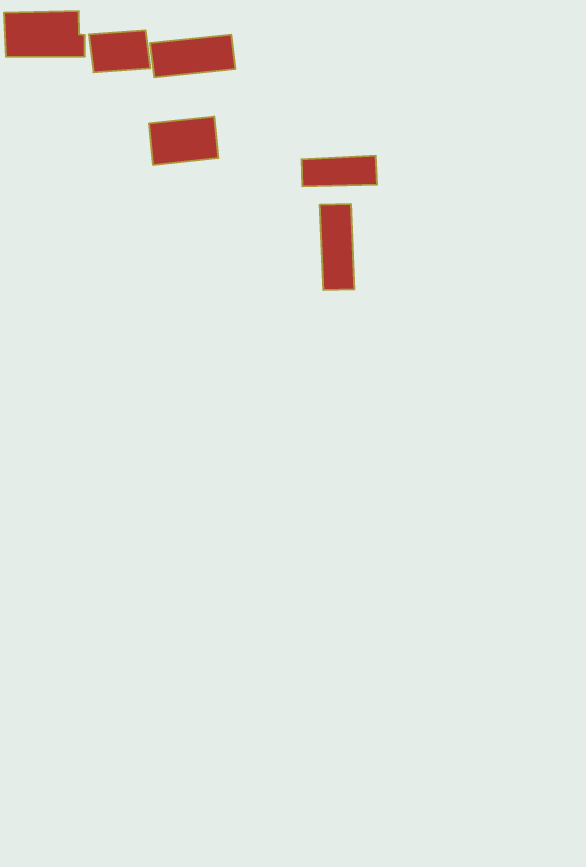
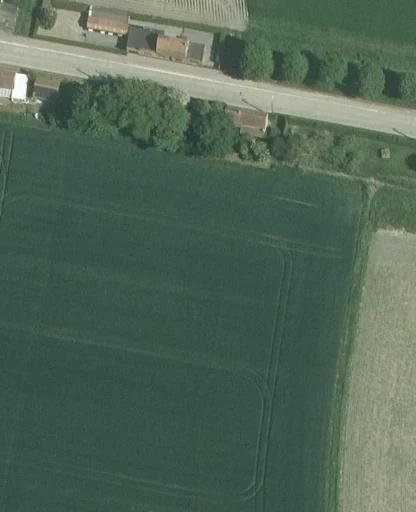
building: [149,116,218,165] -> none
building: [320,204,354,290] -> none

